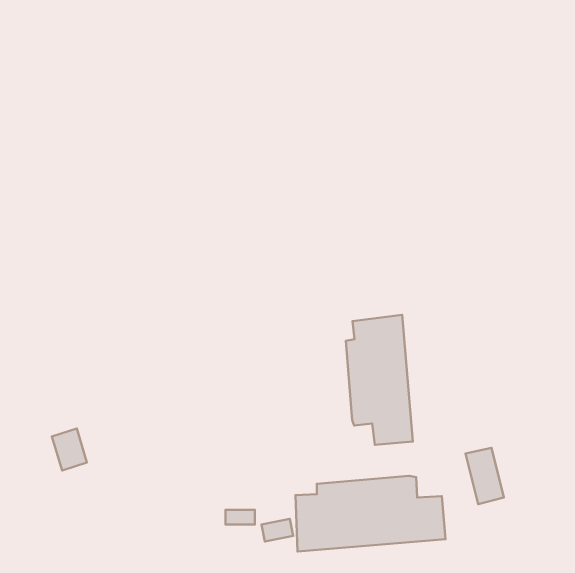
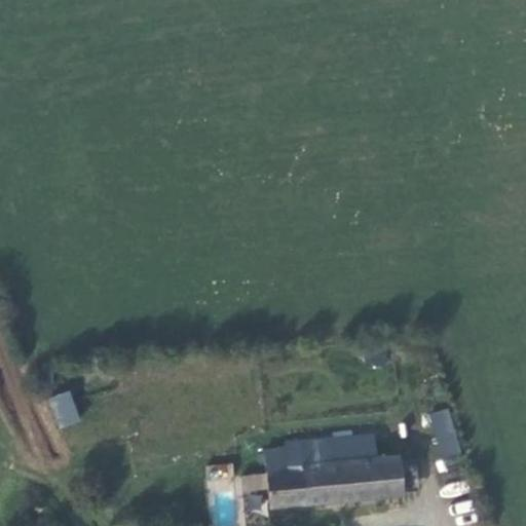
building: [346,315,413,445] -> none

